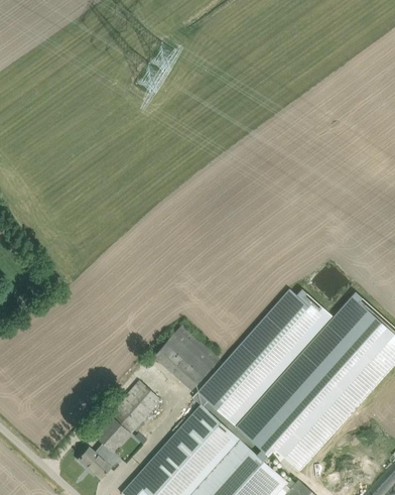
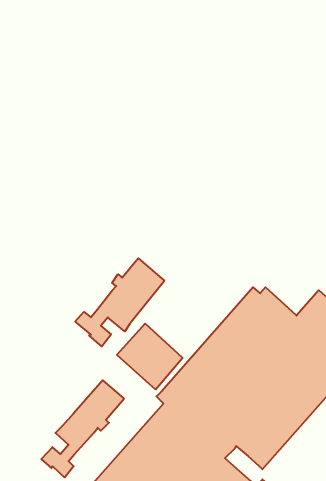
building: none -> [75,258,164,346]

